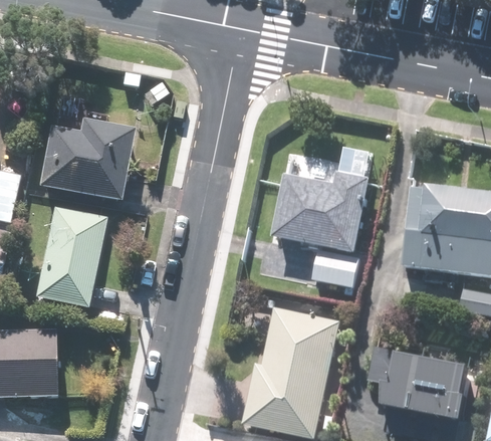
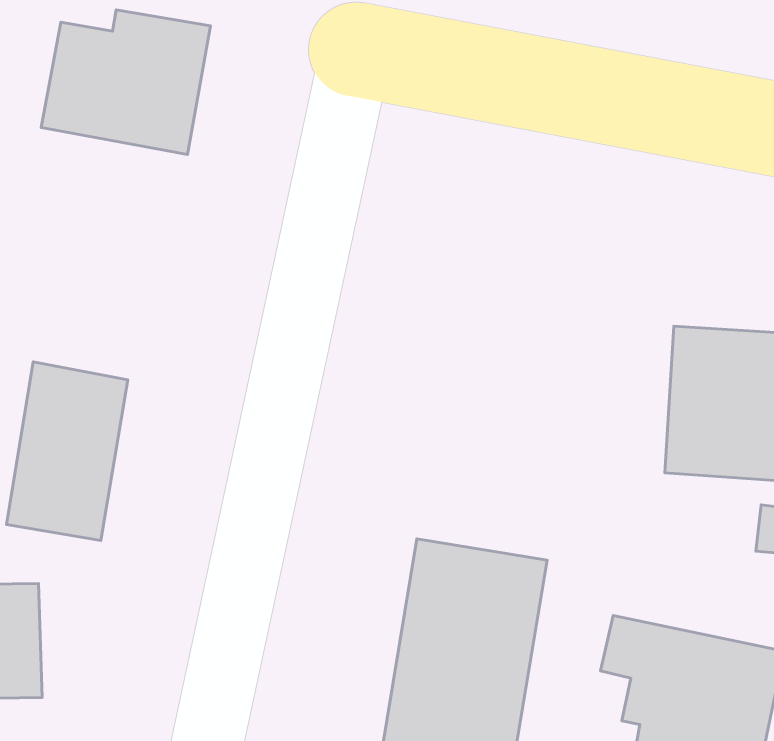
building: [38,123,134,204] -> [41,10,211,154]
building: [272,171,372,288] -> none

